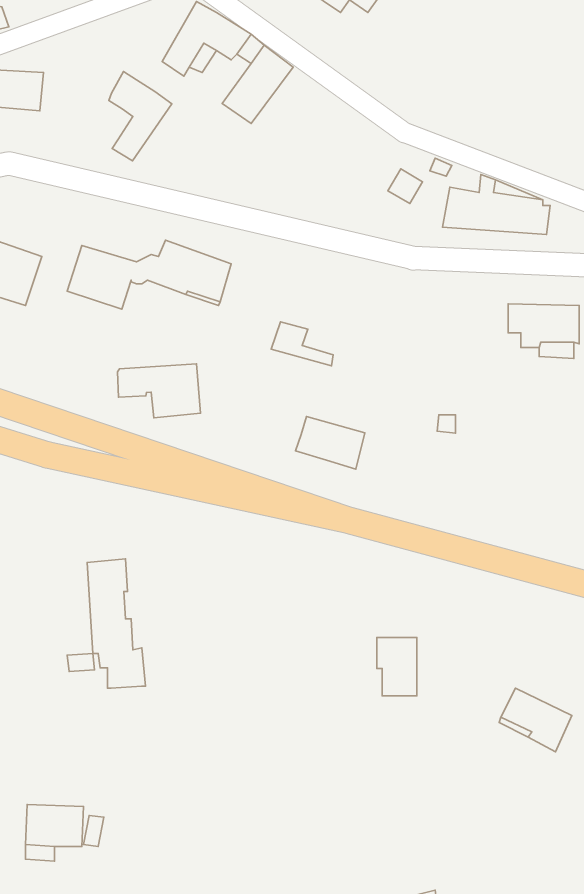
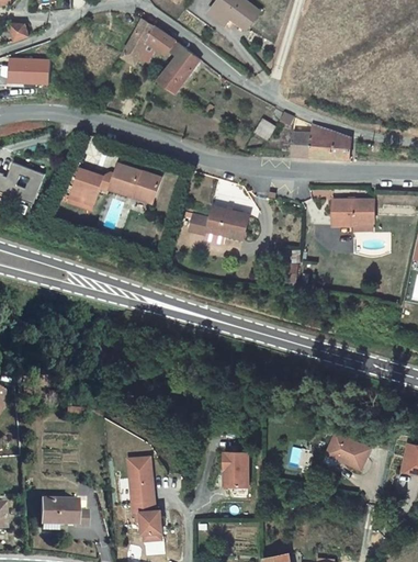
building: [109,72,172,161] -> none
building: [117,364,201,418] -> none
building: [296,416,365,469] -> [206,205,248,237]
building: [87,559,146,688] -> [124,457,159,535]
building: [377,637,417,696] -> [222,451,246,486]

